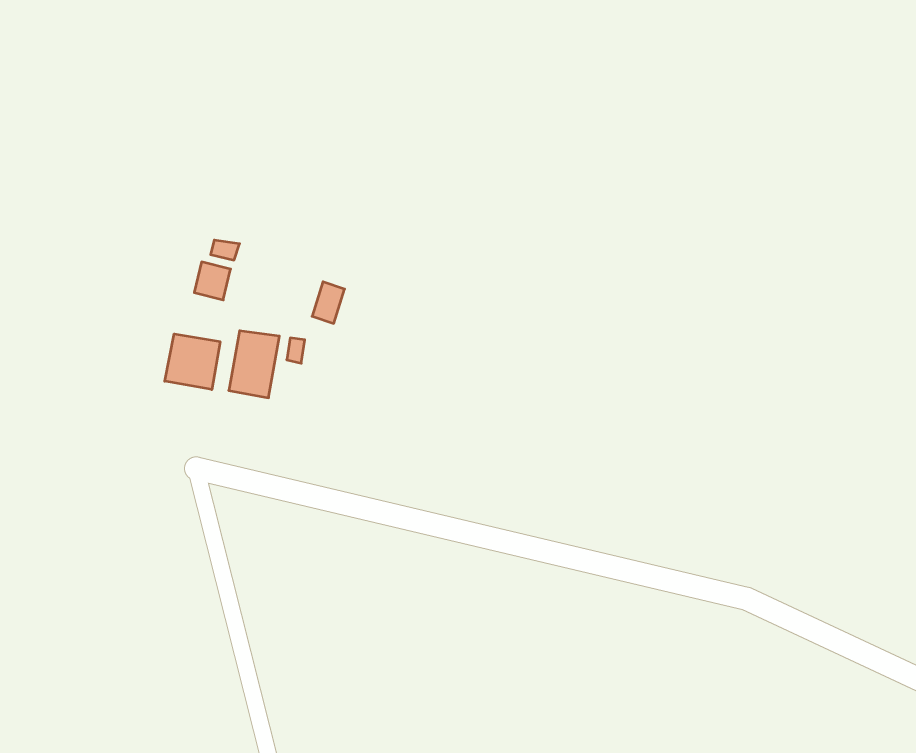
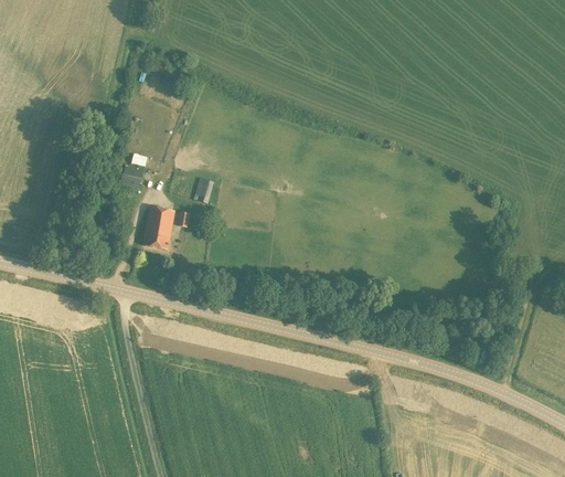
building: [165,334,220,390] -> none

